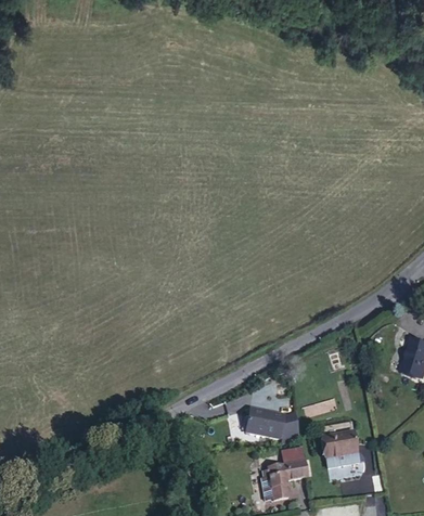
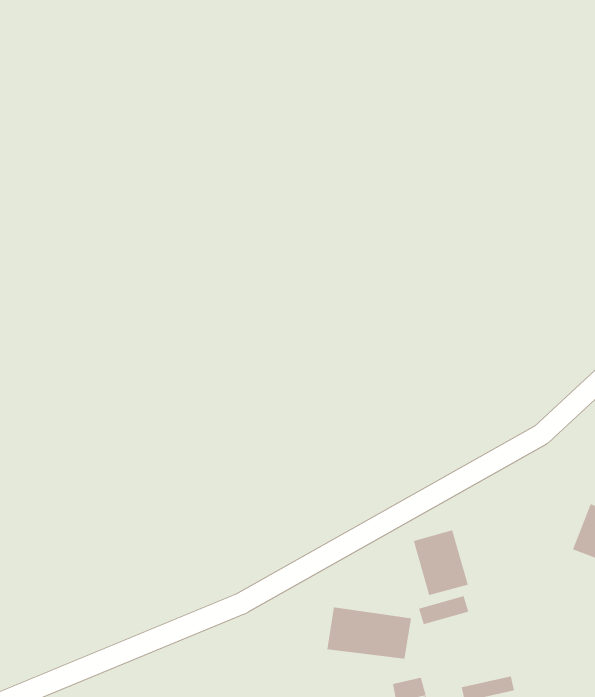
building: none -> [413,530,468,596]
building: [322,430,361,459] -> none

